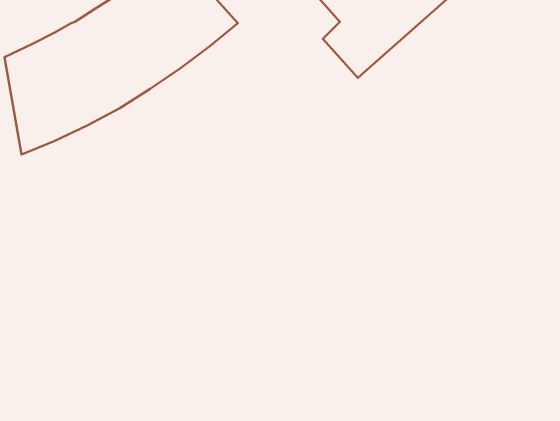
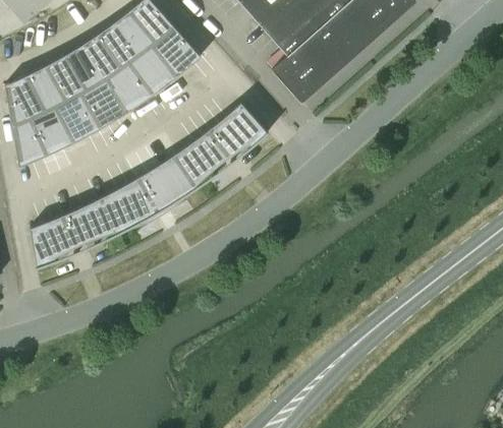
building: none -> [32,103,270,268]

